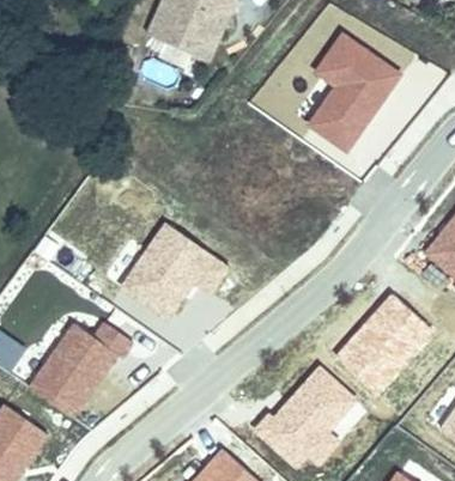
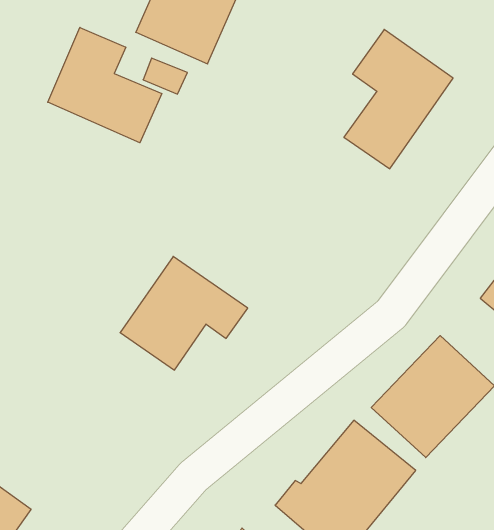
building: none -> [48,27,162,143]
building: [30,322,138,420] -> none

